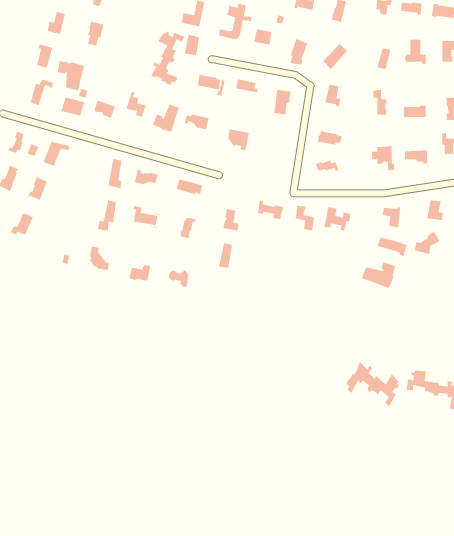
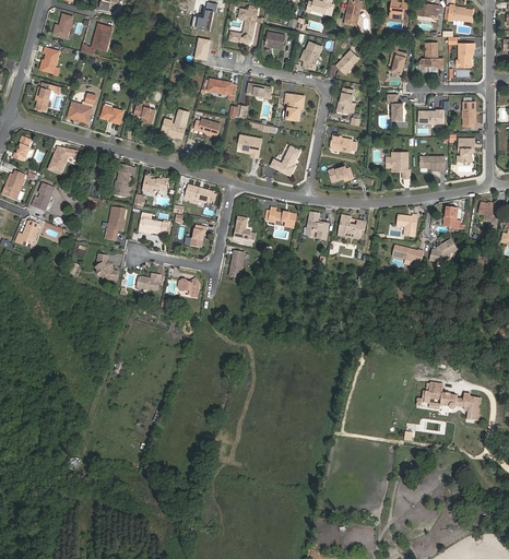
building: [150,30,186,86] -> none
building: [57,60,85,91] -> none
building: none -> [270,145,300,176]
building: [361,261,397,289] -> none
building: [345,361,400,407] -> none

